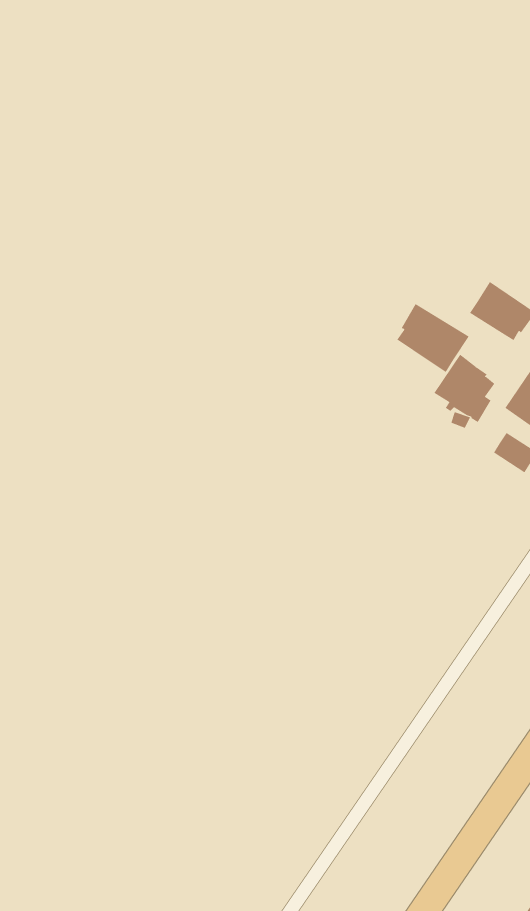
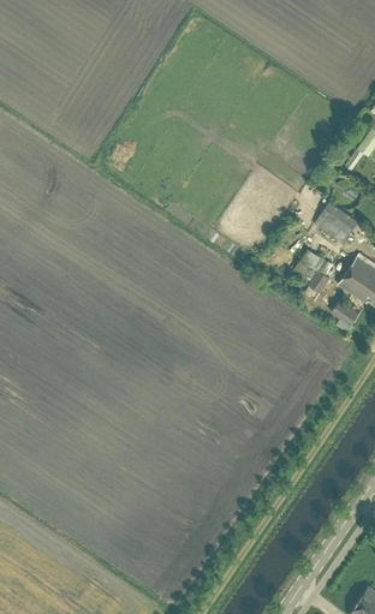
building: [397,303,469,373] -> none

